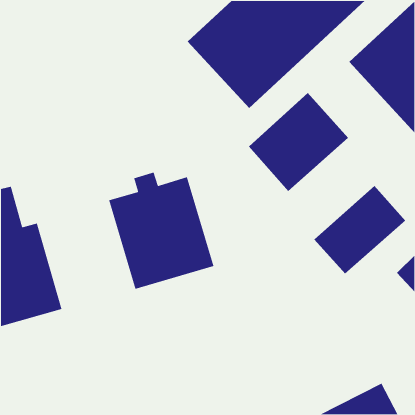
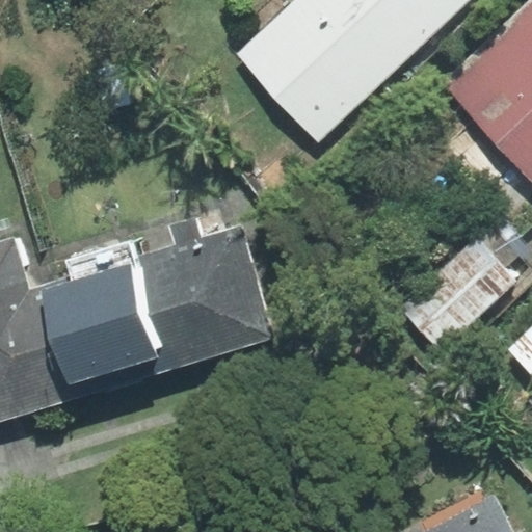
building: [248,92,349,192] -> none
building: none -> [48,241,172,396]

